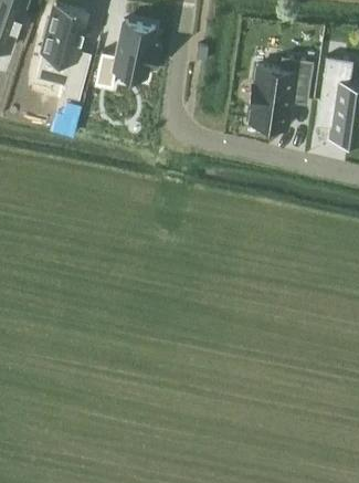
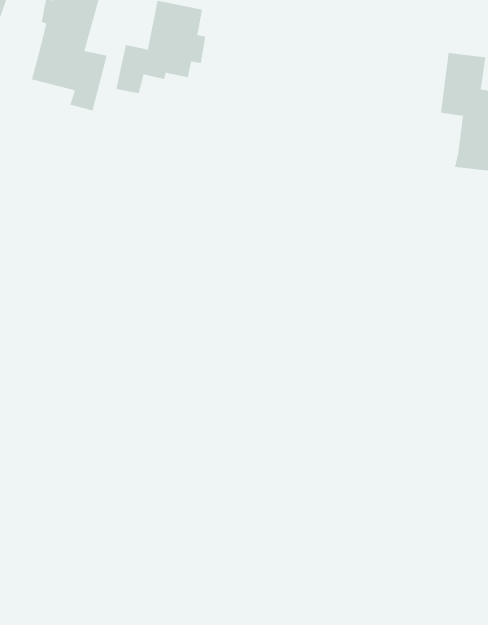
building: [250,57,314,128] -> none

